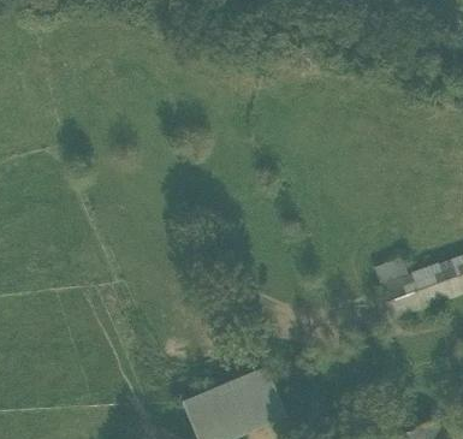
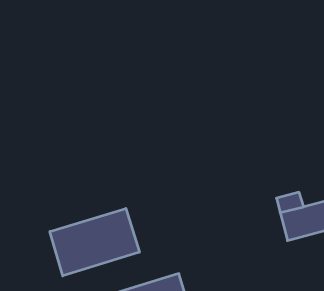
building: none -> [50,208,139,276]

